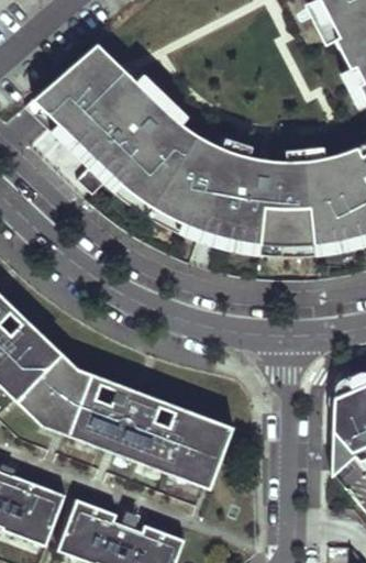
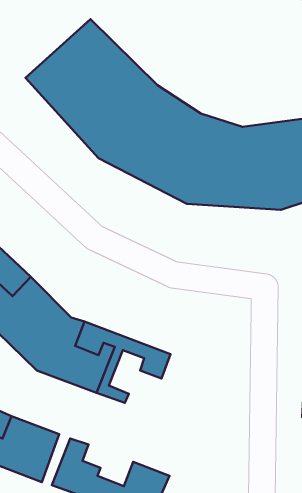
building: [119,404,233,489] -> none
building: [90,506,145,551] -> none

